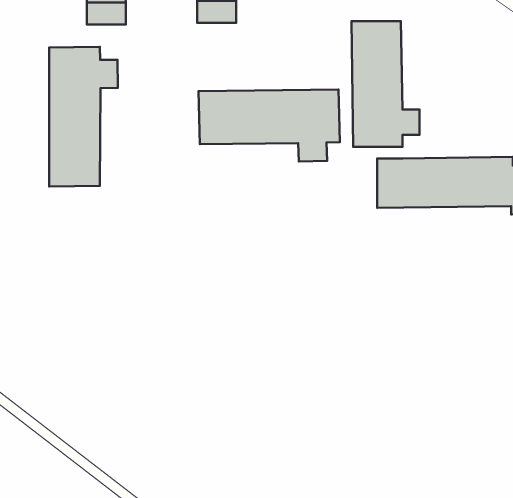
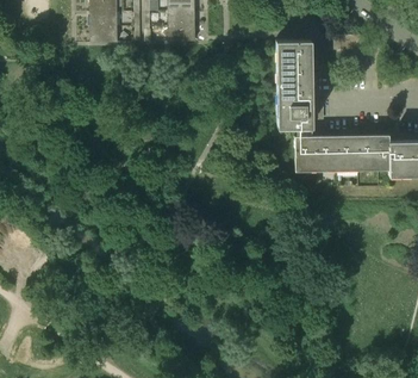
building: [49,47,118,187] -> none
building: [198,89,340,162] -> none

